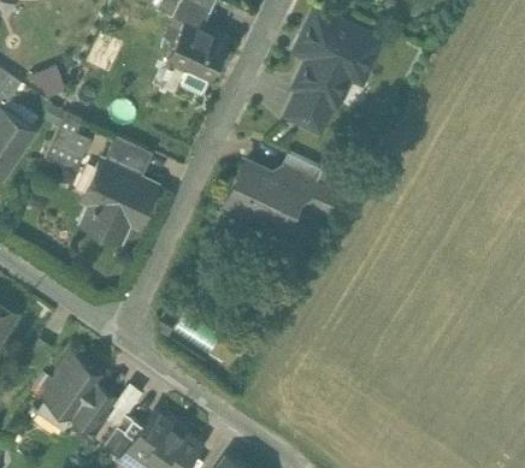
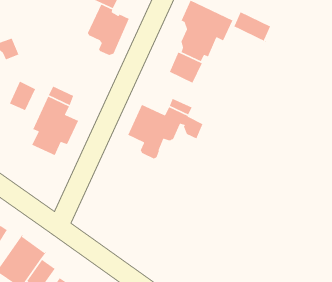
building: none -> [231,11,271,43]

